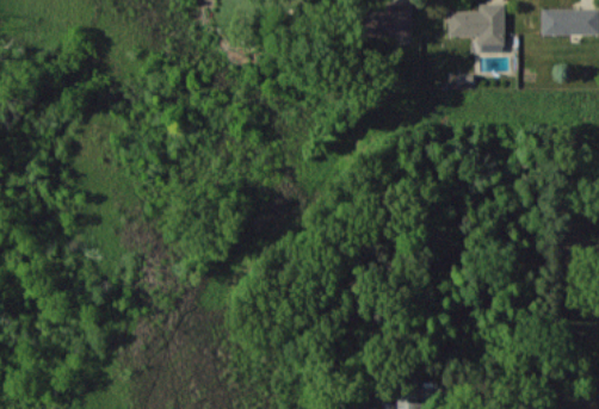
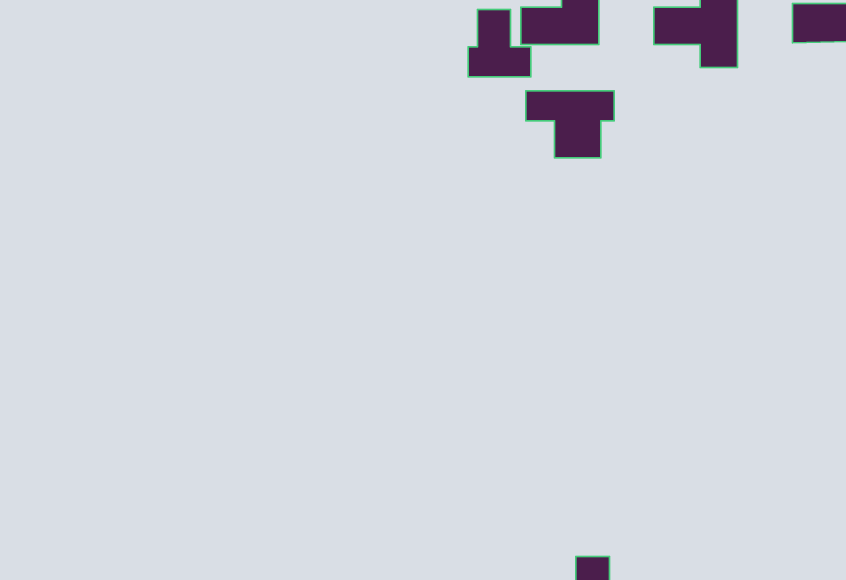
building: none -> [468,10,531,77]
building: none -> [526,91,614,158]

